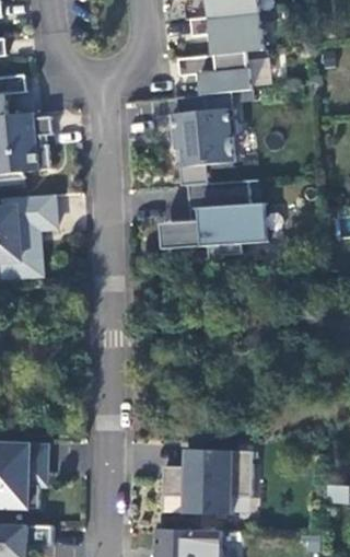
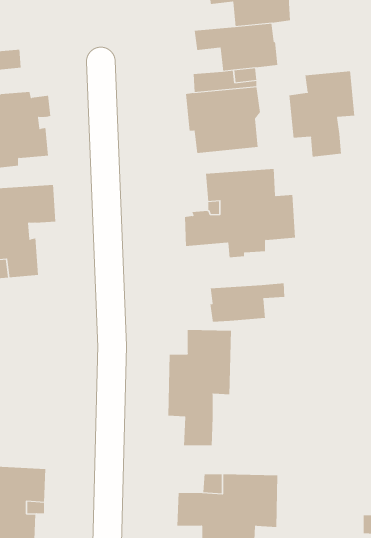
building: none -> [289,70,355,158]
building: none -> [210,283,285,322]
building: none -> [168,329,232,446]

